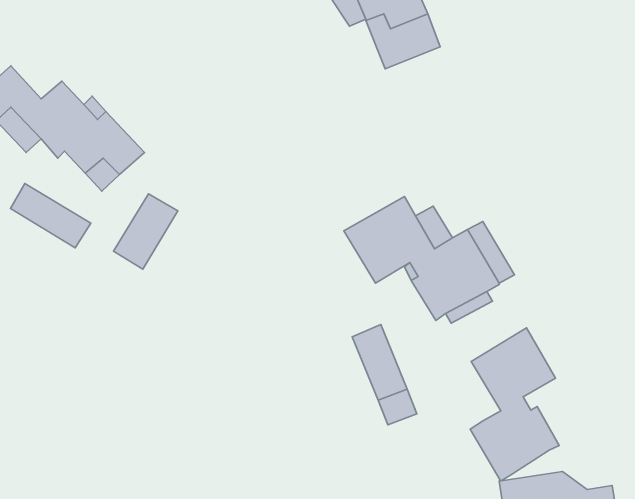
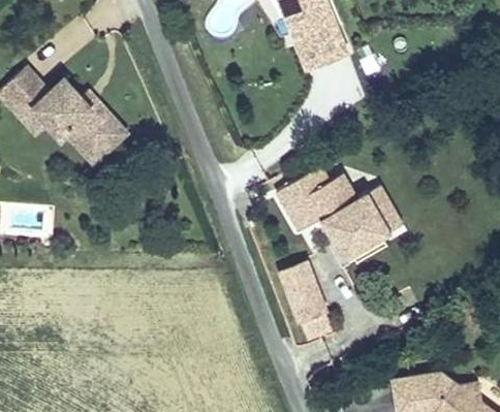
building: [11,184,91,248] -> none
building: [114,194,178,269] -> none
building: [470,328,559,481] -> none

